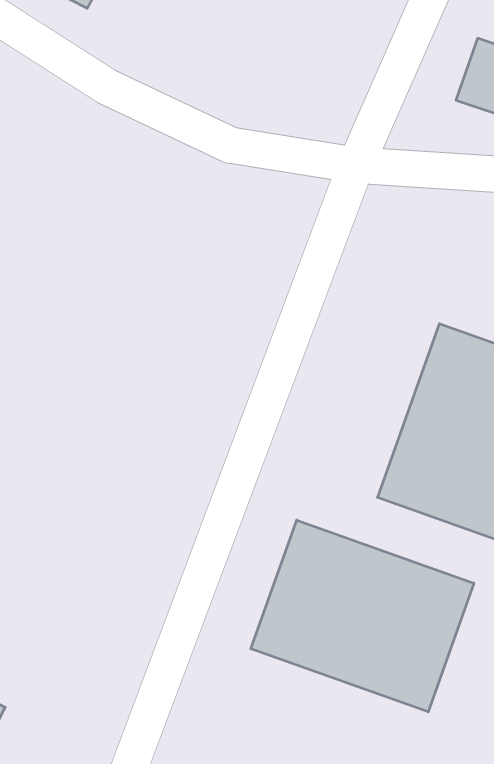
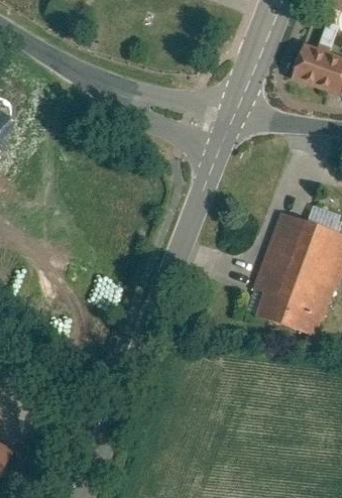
building: [251,520,474,712] -> none

